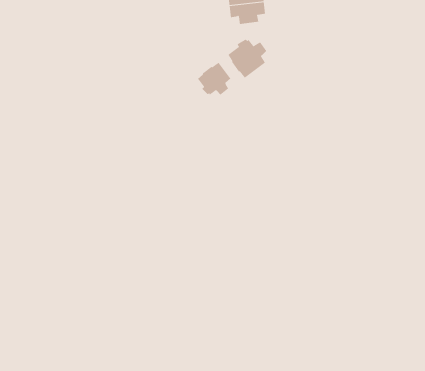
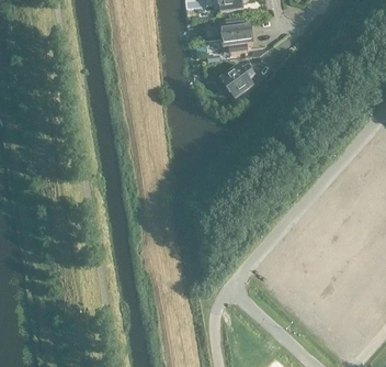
building: [197,62,231,95] -> none

